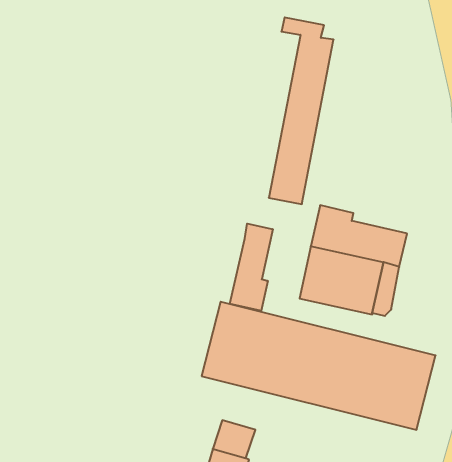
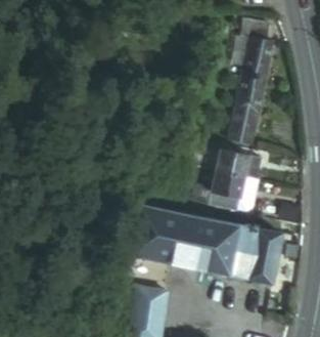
building: [269,17,334,204] -> [229,23,271,143]
building: [230,224,273,311] -> none

